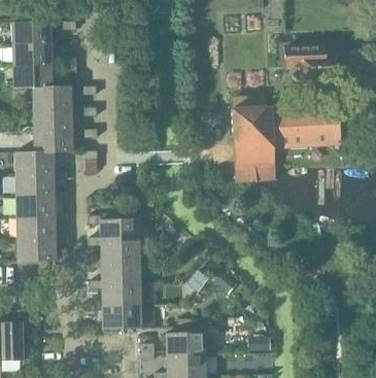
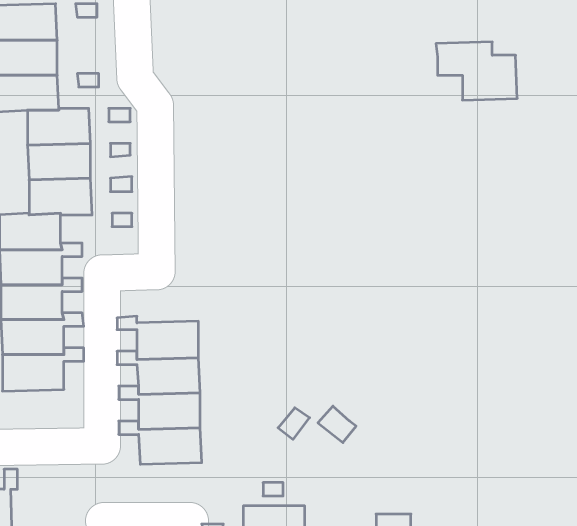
building: [231,103,340,181] -> none
building: [102,306,140,329] -> none

